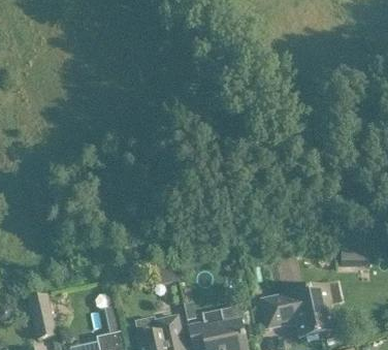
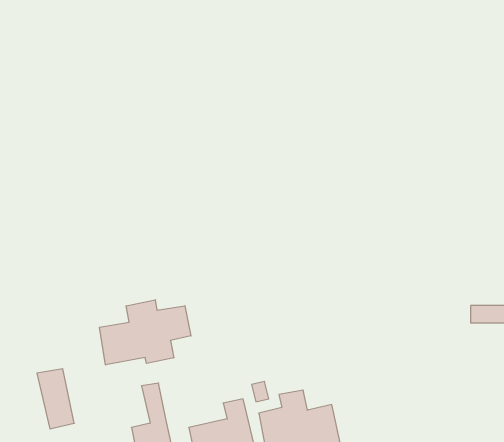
building: none -> [99,300,191,365]
building: [262,284,335,336] -> none

